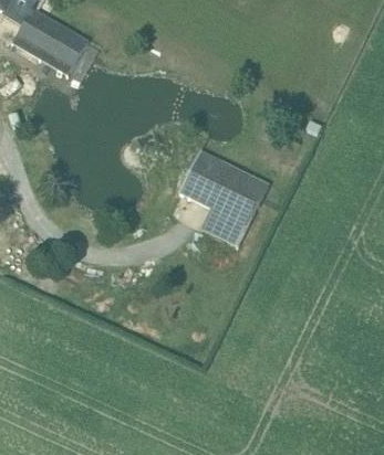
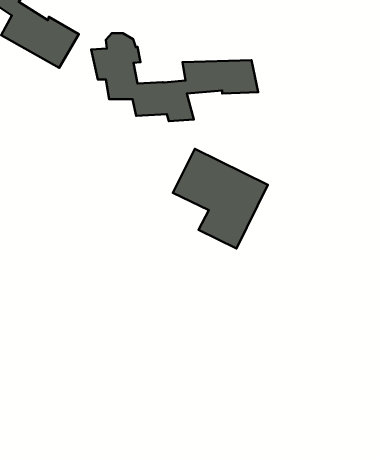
building: none -> [91,33,258,121]

